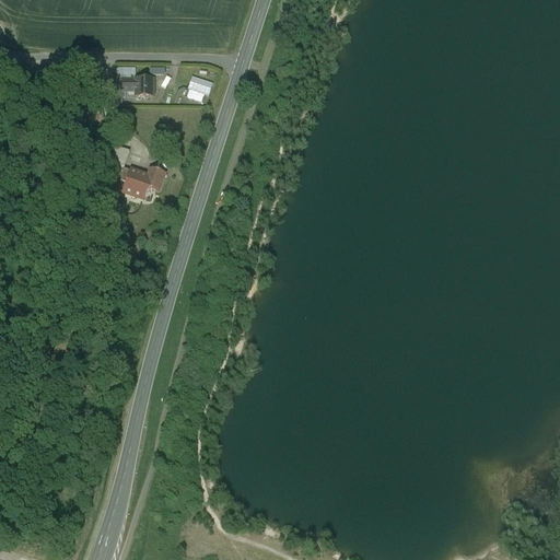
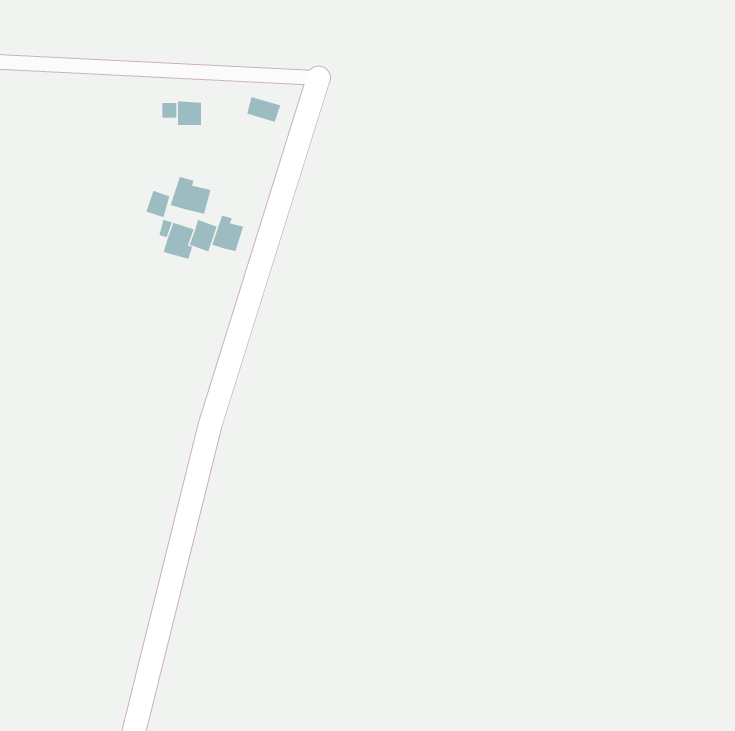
building: none -> [170,176,211,215]
building: none -> [211,215,244,252]

